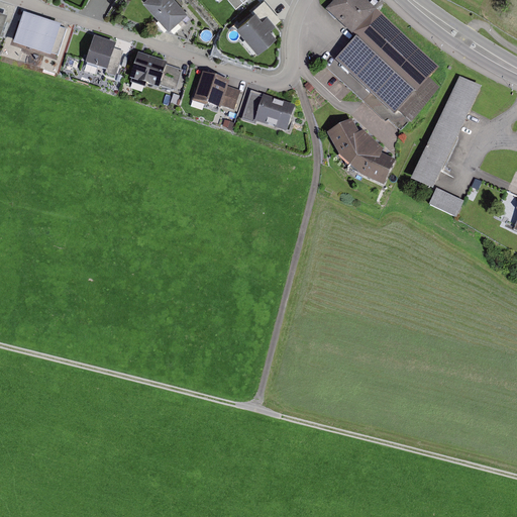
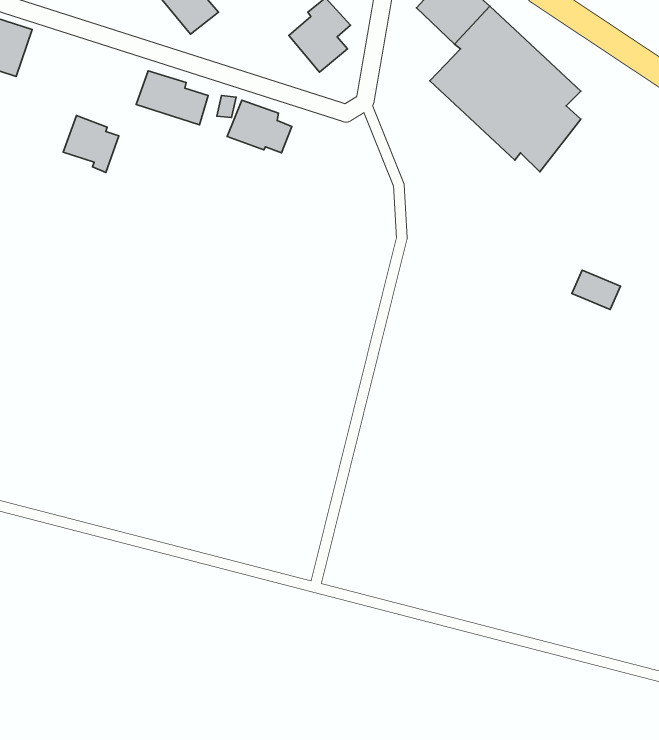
building: [86,36,124,76] -> [63,115,119,173]
building: [409,76,481,190] -> none
building: [241,90,295,131] -> none
building: [328,121,395,186] -> none

